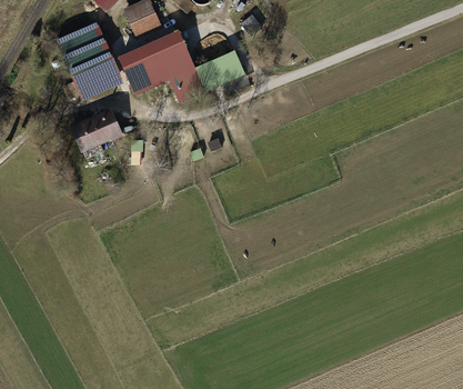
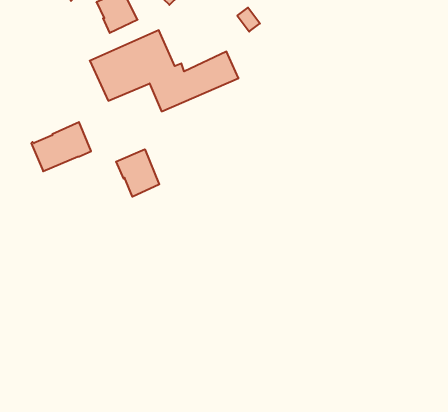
building: [56,22,119,92] -> none
building: none -> [116,149,159,197]

